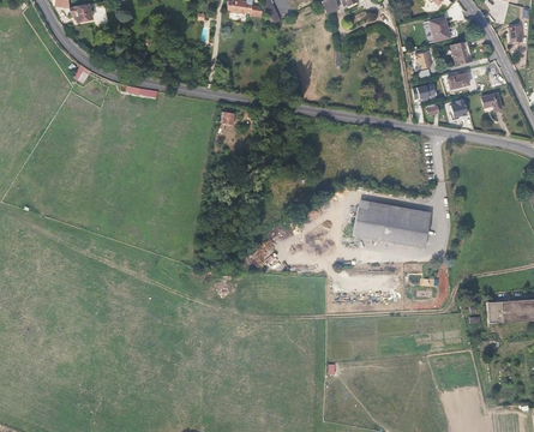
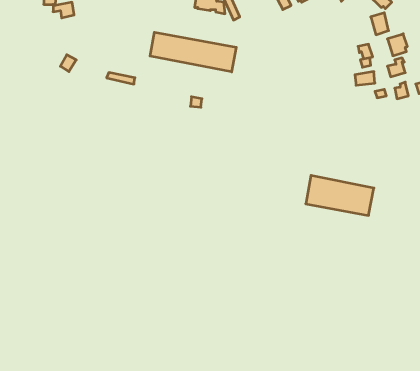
building: none -> [150,32,236,72]

